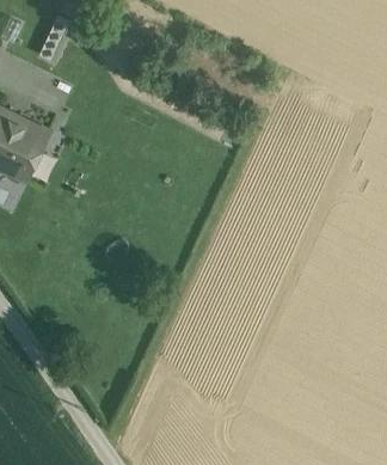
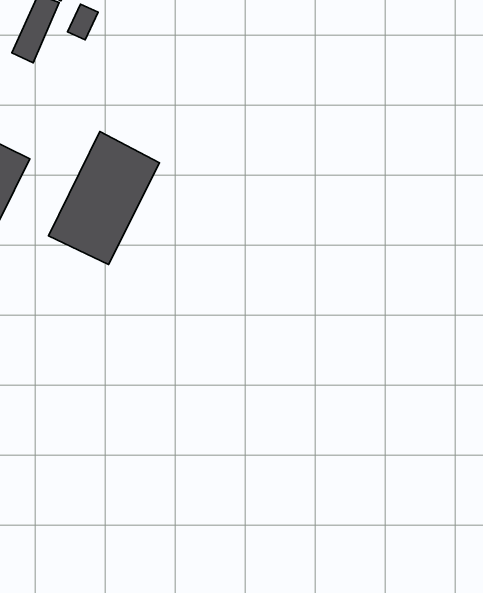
building: none -> [49,132,159,265]

